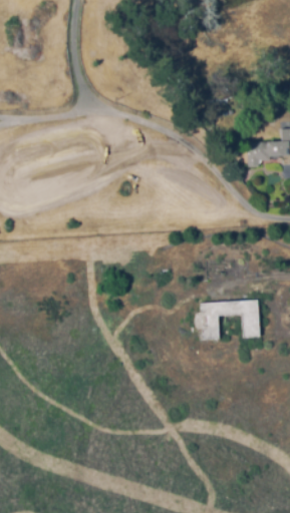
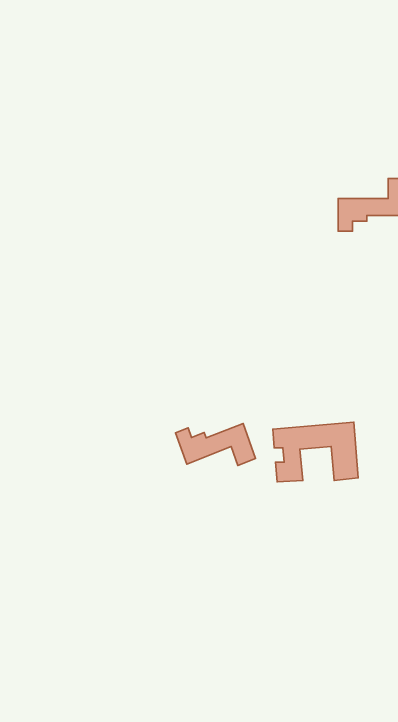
building: none -> [176,423,256,466]

